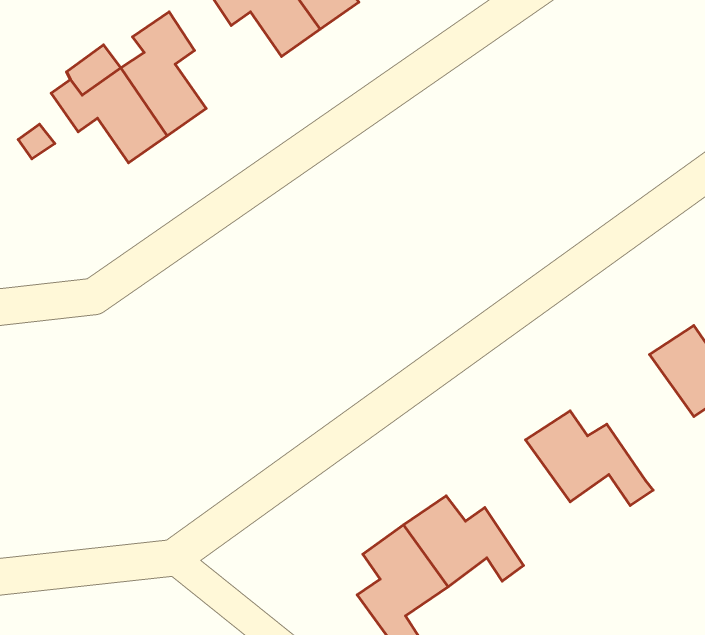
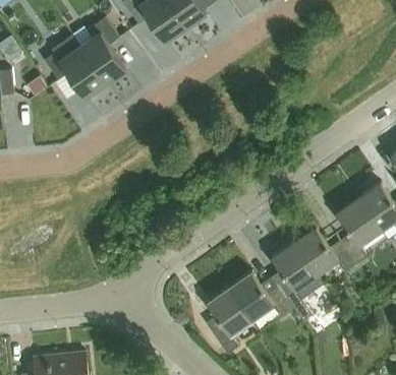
building: none -> [337,197,383,263]
building: none -> [273,242,318,321]

